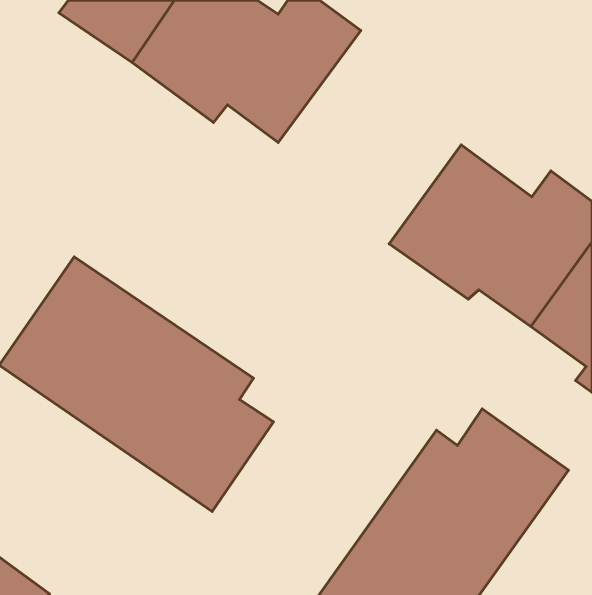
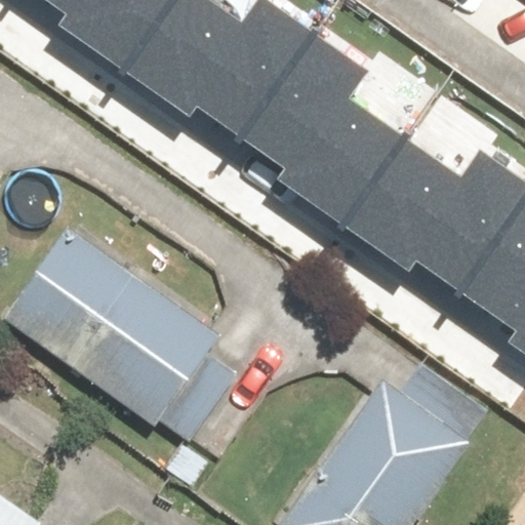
building: none -> [242,33,401,218]

